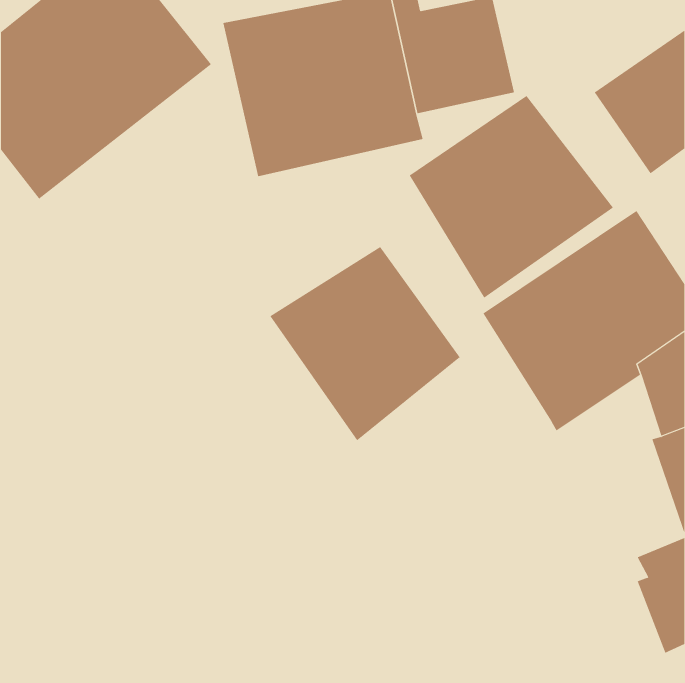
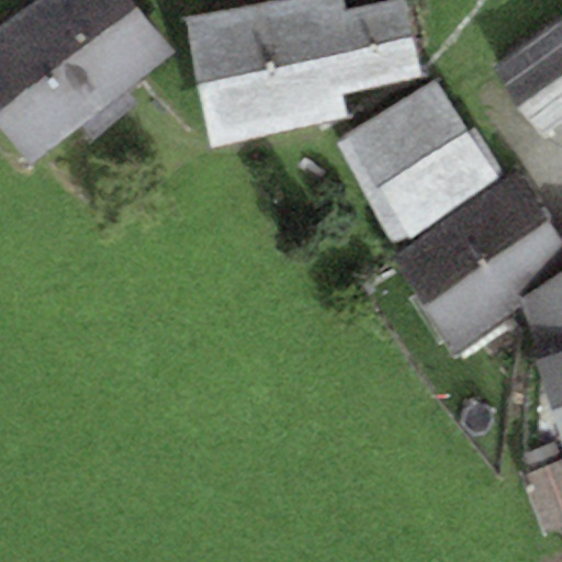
building: [269,246,461,441] -> none

